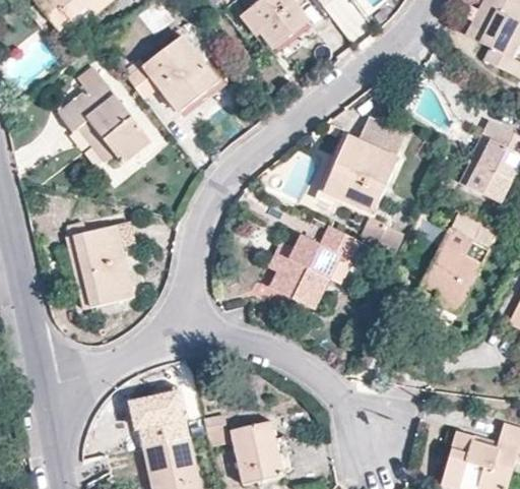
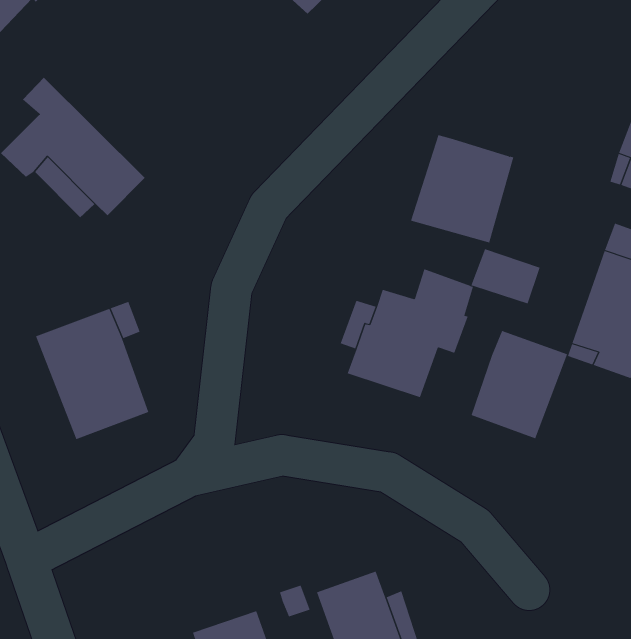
building: [122,36,215,111] -> none
building: [359,115,404,157] -> none
building: none -> [471,330,568,439]
building: [132,381,189,445] -> none

